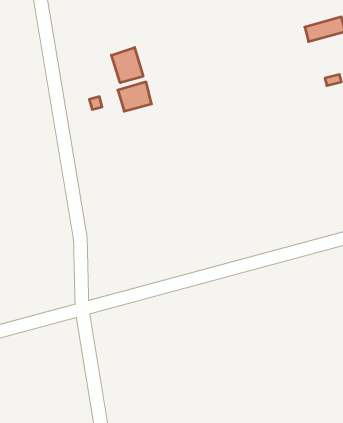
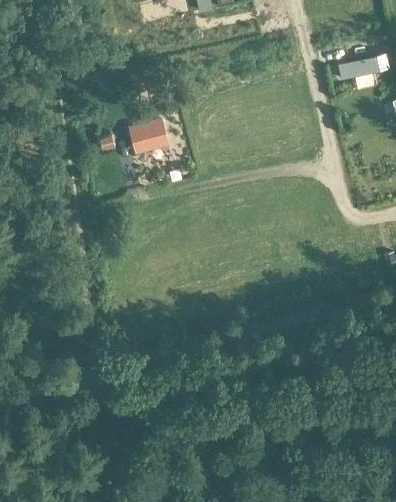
building: [111,47,143,83] -> none

